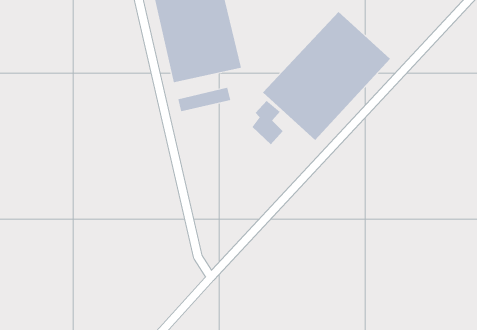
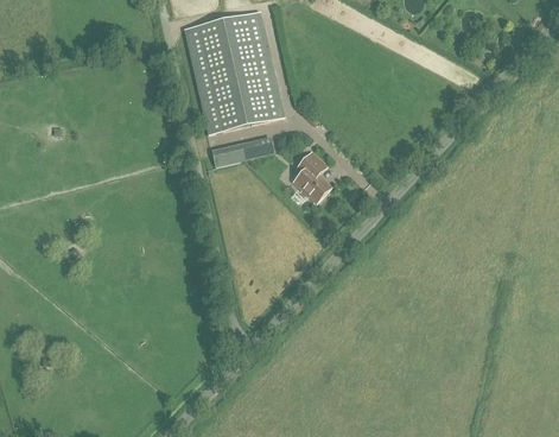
building: [262,11,391,141] -> none

